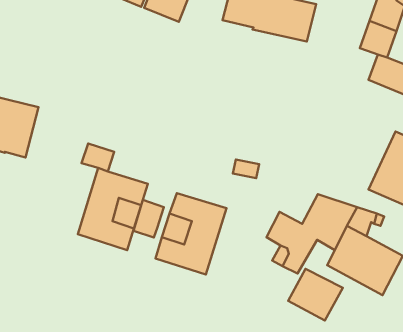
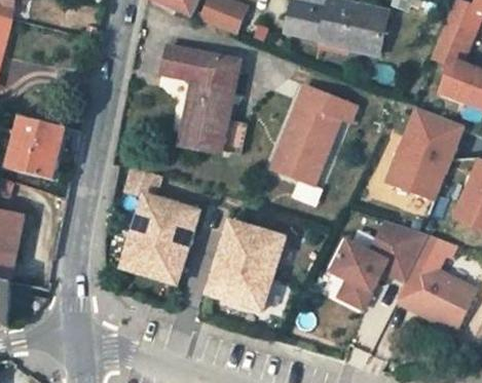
building: none -> [162,42,250,155]
building: none -> [273,86,358,185]
building: none -> [387,109,462,200]
building: [133,200,164,237] -> none
building: [288,269,343,321] -> none

